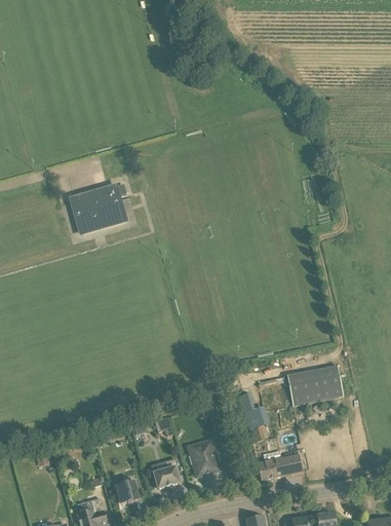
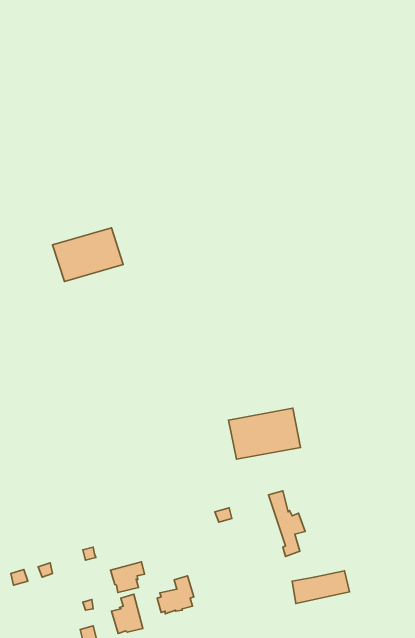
building: [286,365,343,405] -> [229,408,301,459]
building: [188,439,220,475] -> none
building: none -> [111,562,144,593]

